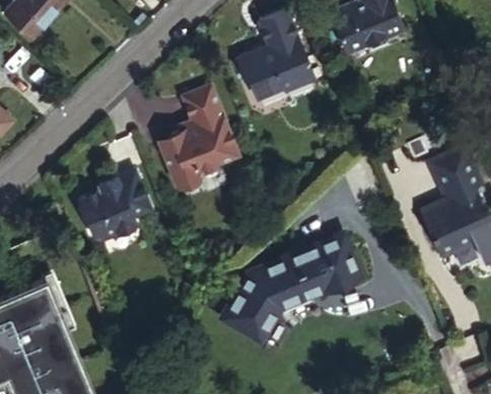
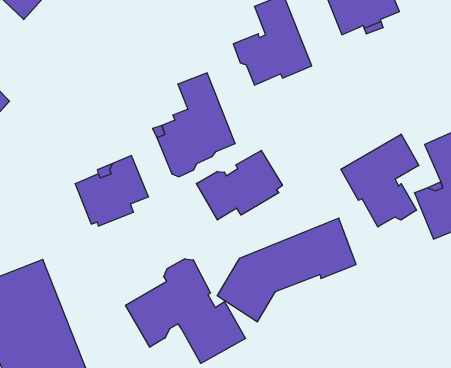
building: none -> [341,134,419,227]
building: none -> [196,150,282,220]
building: none -> [125,259,245,363]

